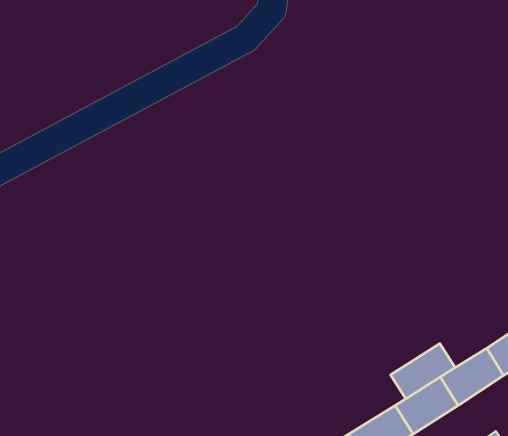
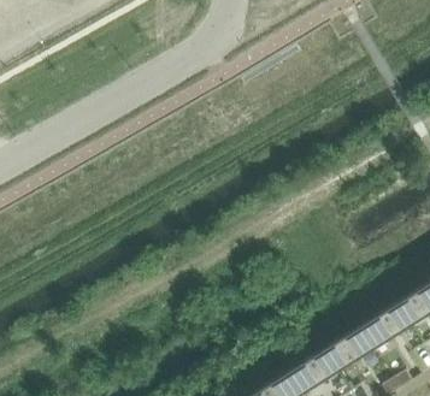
building: [390,343,455,399] -> none

